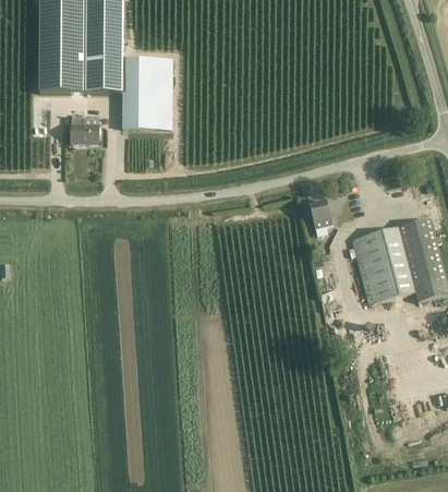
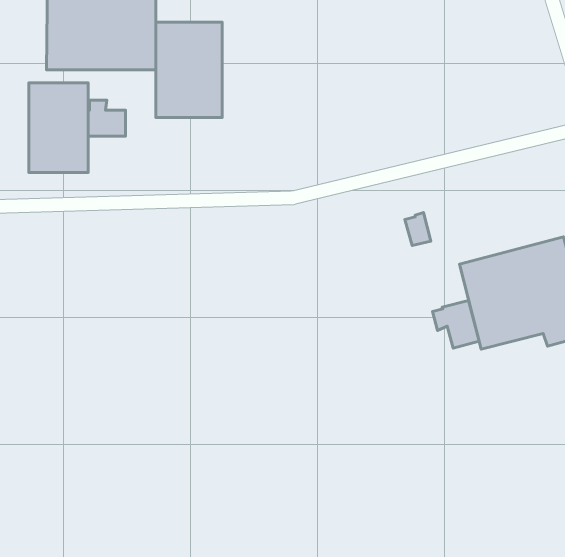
building: none -> [29,83,88,173]
building: none -> [433,300,479,348]

